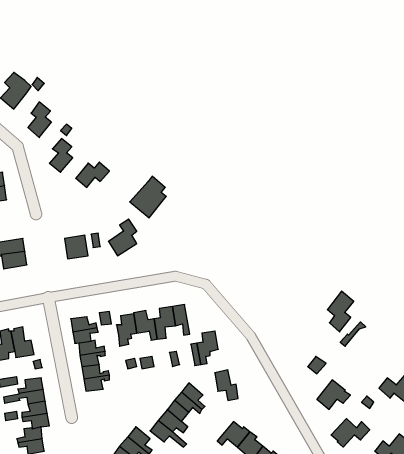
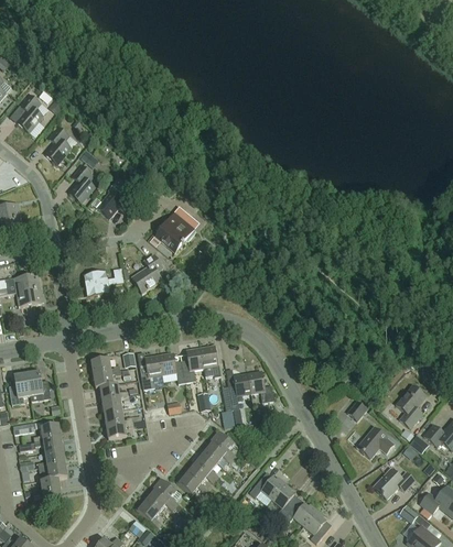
building: [327,291,354,332] -> [397,384,425,428]
building: [215,370,238,400] -> [247,370,272,403]

